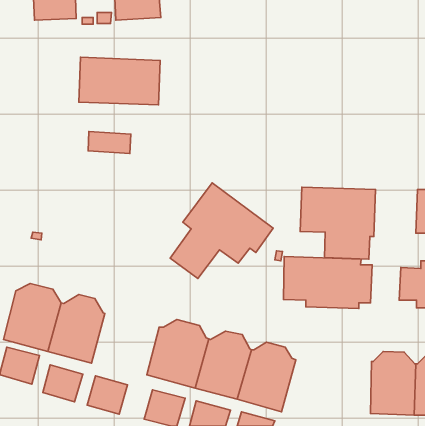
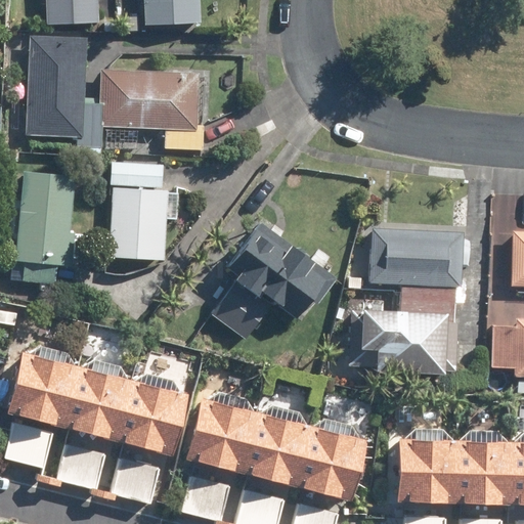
building: none -> [26,36,88,137]
building: none -> [15,172,75,282]
building: none -> [111,188,167,259]
building: none -> [116,374,187,458]
building: none -> [397,429,457,505]

